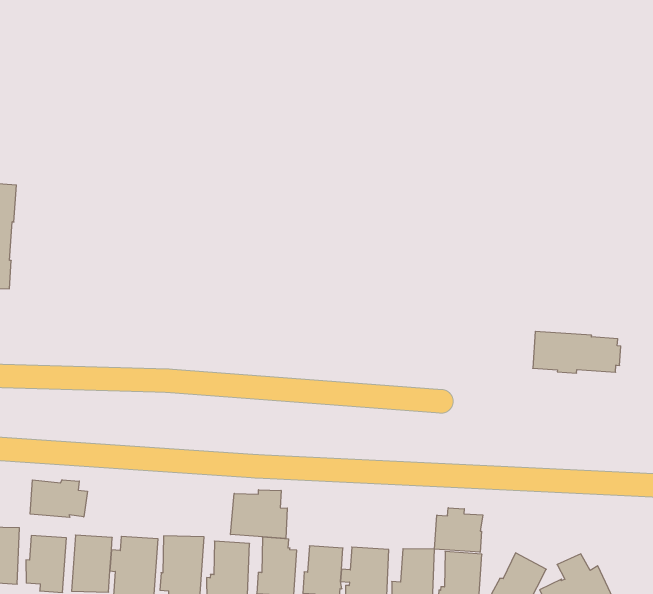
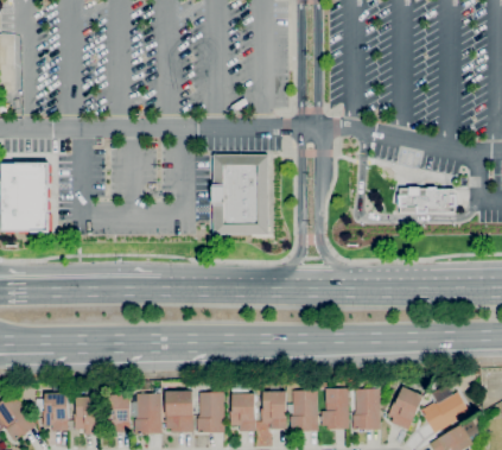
building: none -> [212,154,268,234]
building: [533,331,621,373] -> [399,188,457,214]
building: [30,480,87,517] -> none
building: [231,490,287,538] -> none
building: [435,508,483,552] -> none

